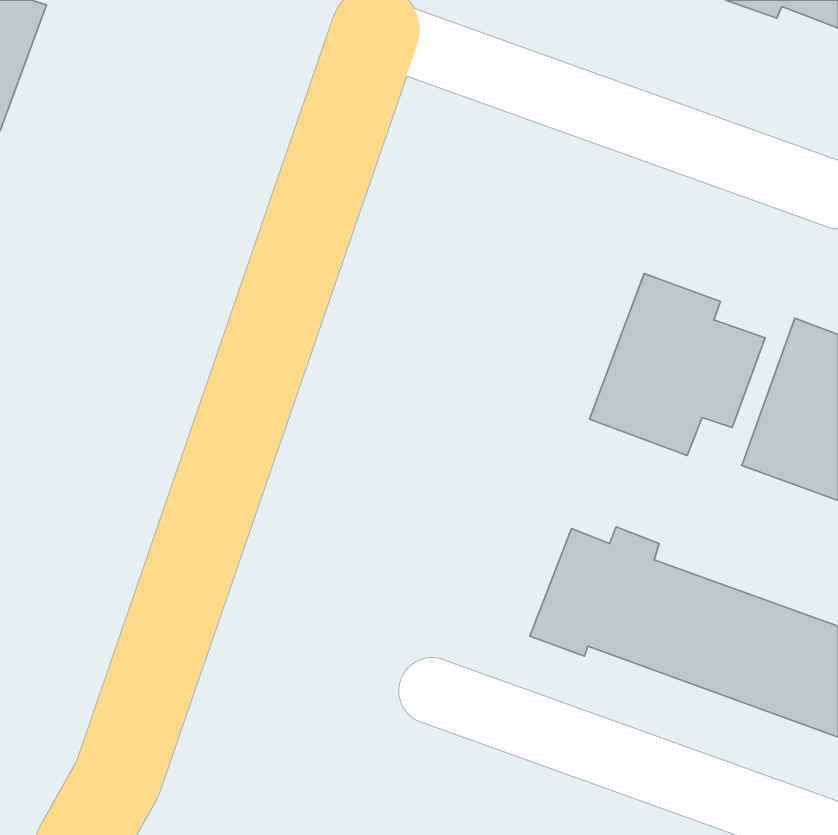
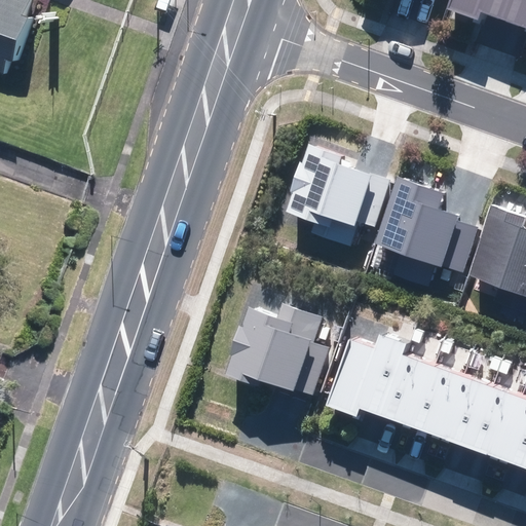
building: none -> [288,145,387,249]
building: none -> [228,303,338,398]

